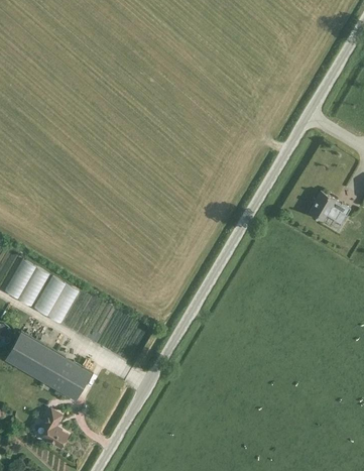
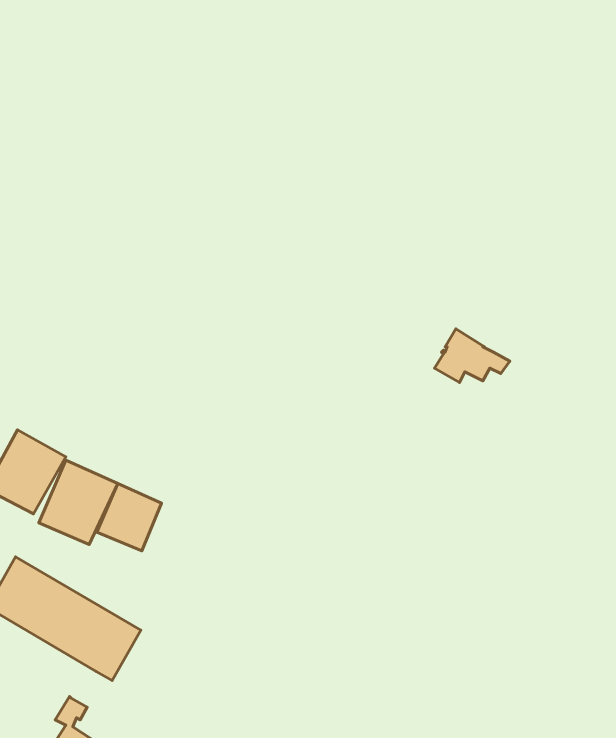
building: [309,191,351,221] -> [434,329,510,383]
building: none -> [97,483,162,551]

